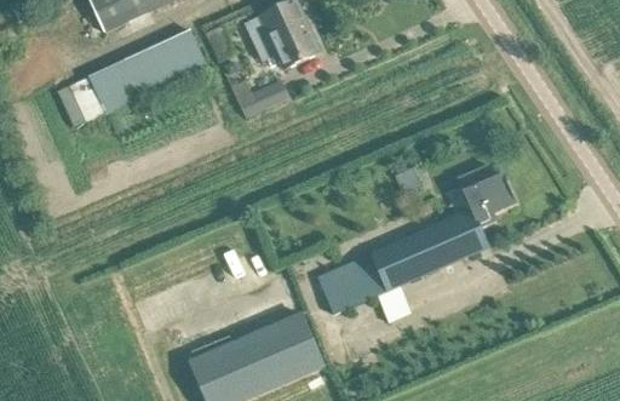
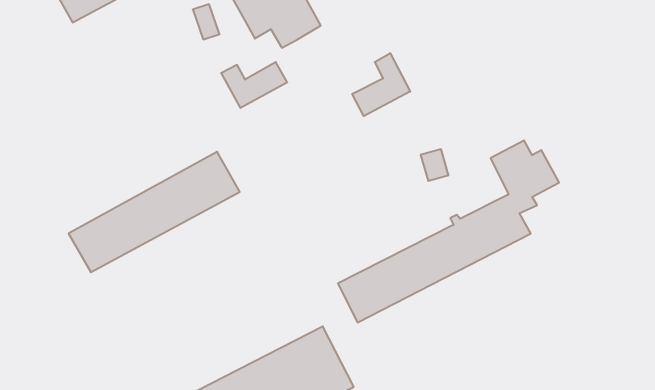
building: [56,29,207,126] -> [69,152,240,272]
building: none -> [352,53,410,116]

